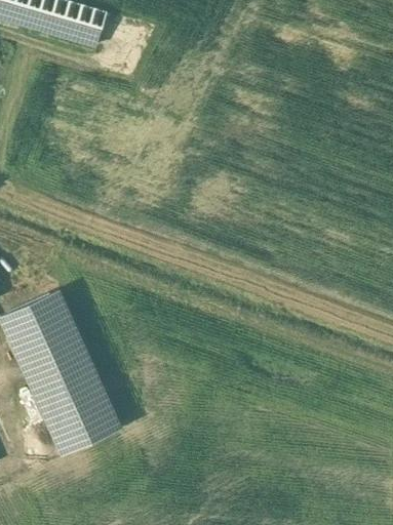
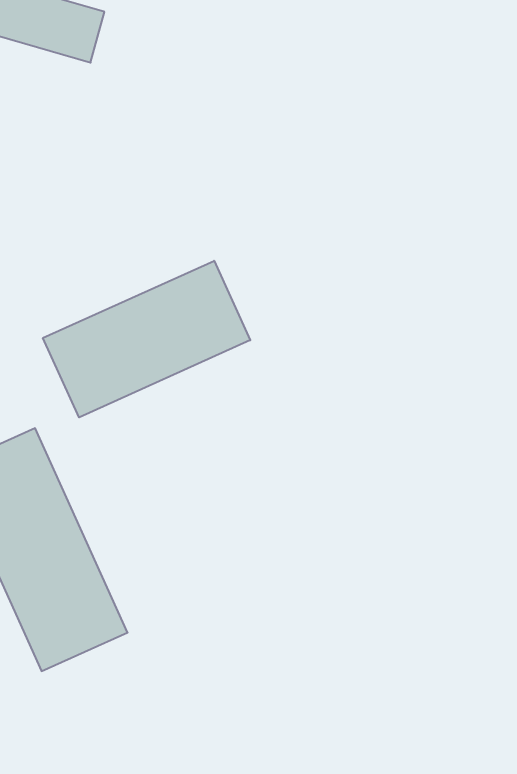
building: none -> [43,261,250,417]

